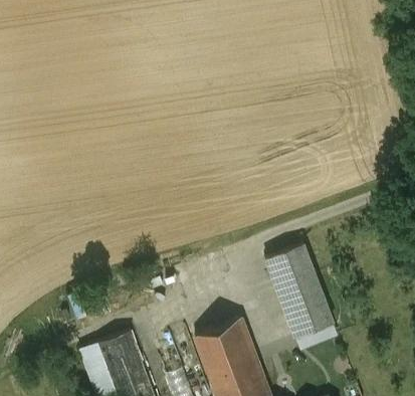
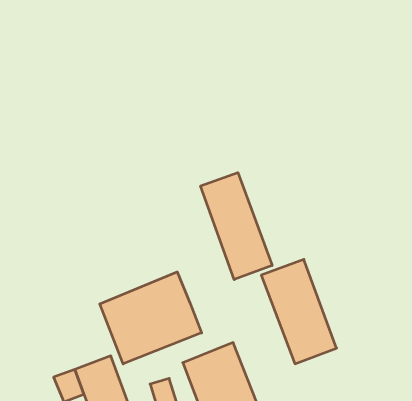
building: none -> [201,173,272,280]
building: none -> [100,272,202,364]

